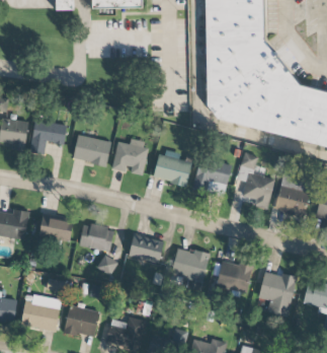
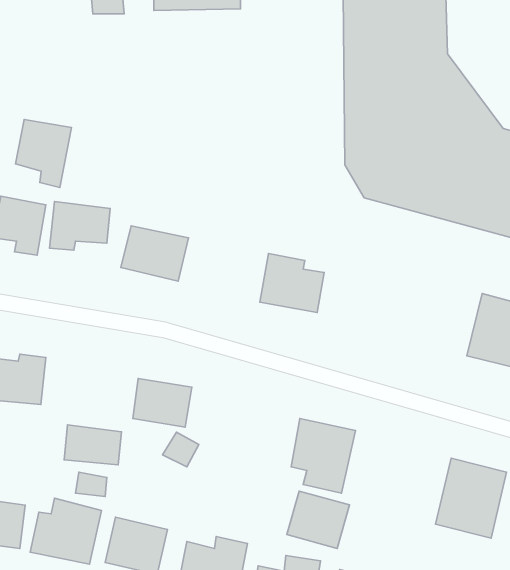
building: none -> [15,120,72,188]
building: [111,139,150,174] -> none
building: [237,152,275,208] -> none
building: [193,158,231,196] -> none
building: [39,217,73,240] -> [64,425,122,465]
building: [129,233,165,264] -> none
building: [217,260,253,293] -> [287,491,349,548]

